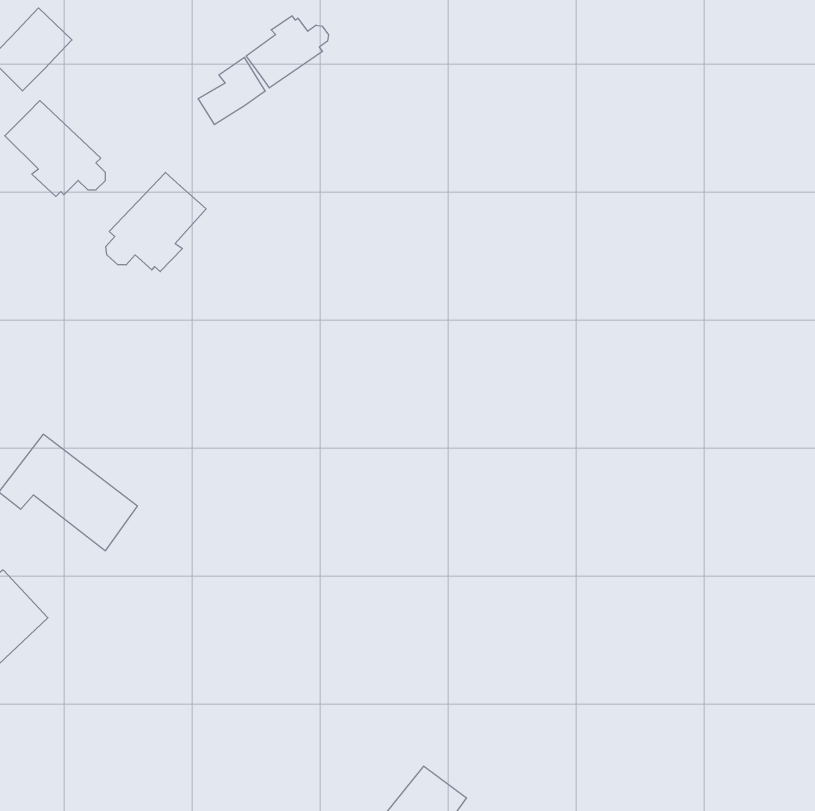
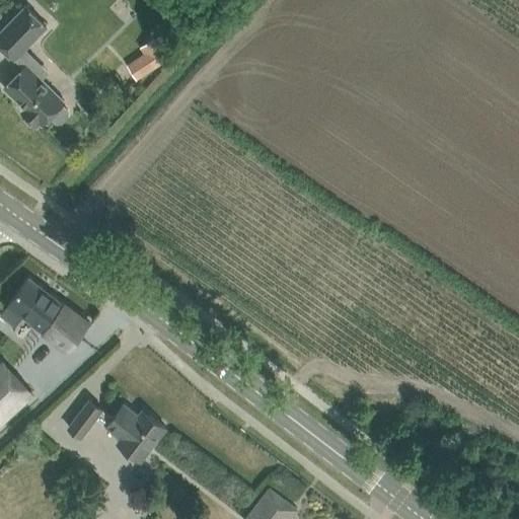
building: [246,16,328,88] -> none
building: [106,172,206,272] -> none
building: none -> [67,401,165,462]

